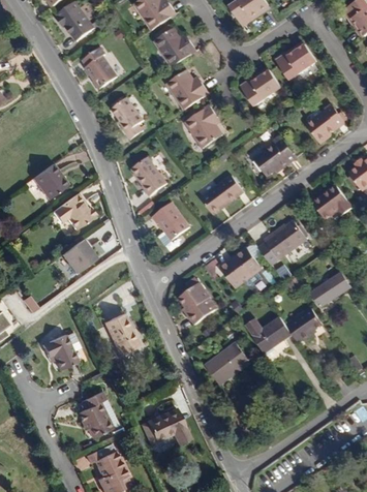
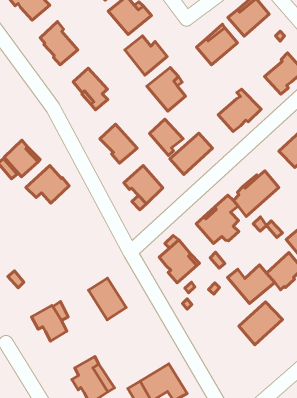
building: none -> [149,119,183,155]
building: [61,239,95,273] -> none
building: [206,342,251,385] -> [239,302,283,345]

